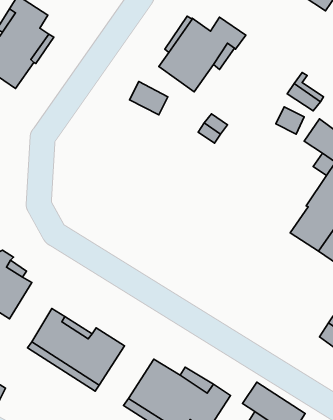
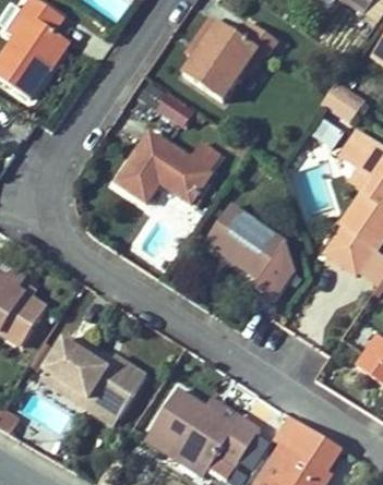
building: none -> [116,130,212,203]
building: none -> [205,204,295,300]

